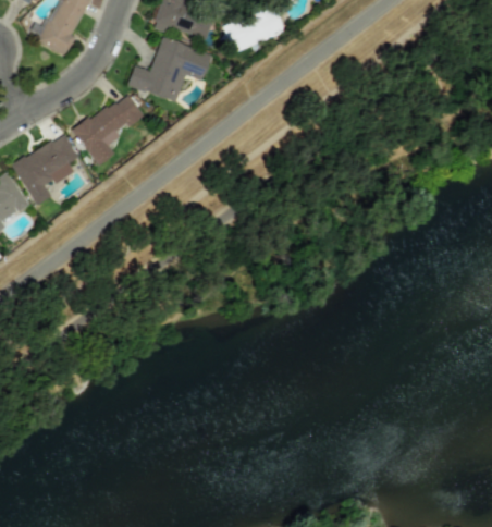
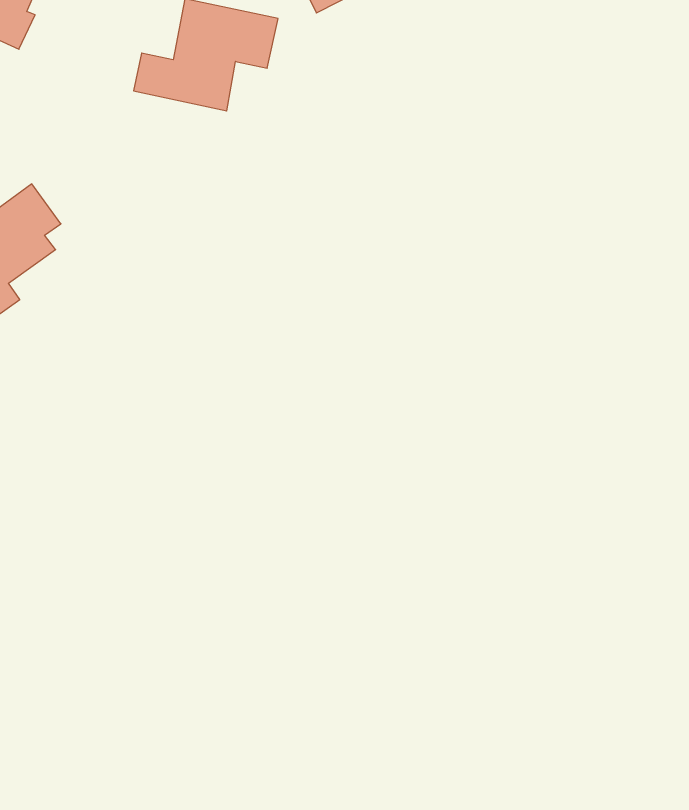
building: [72,91,144,166] -> none

